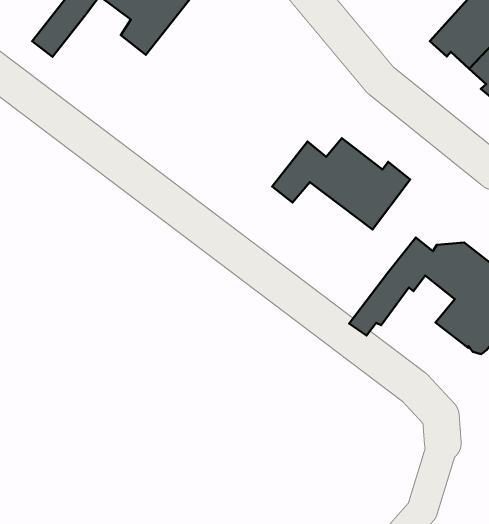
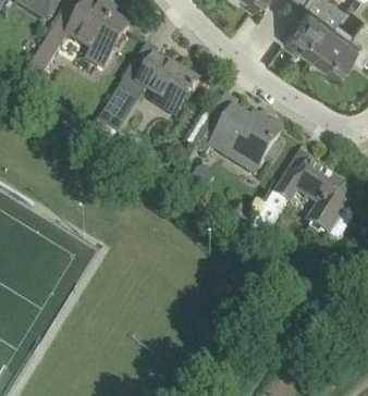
building: none -> [99,55,198,125]

